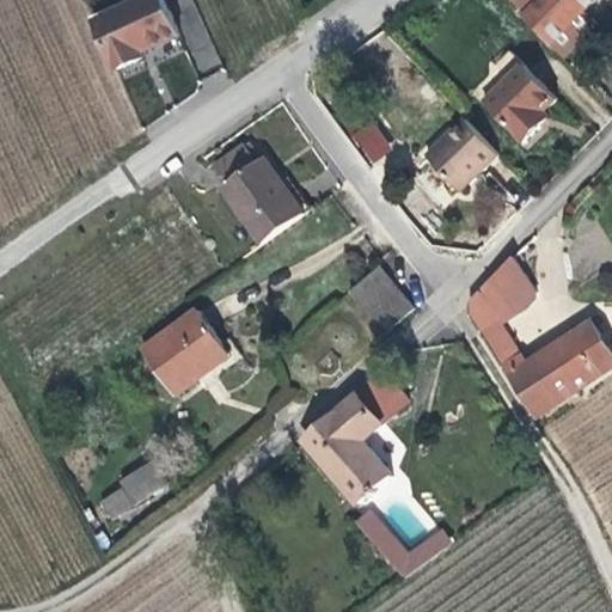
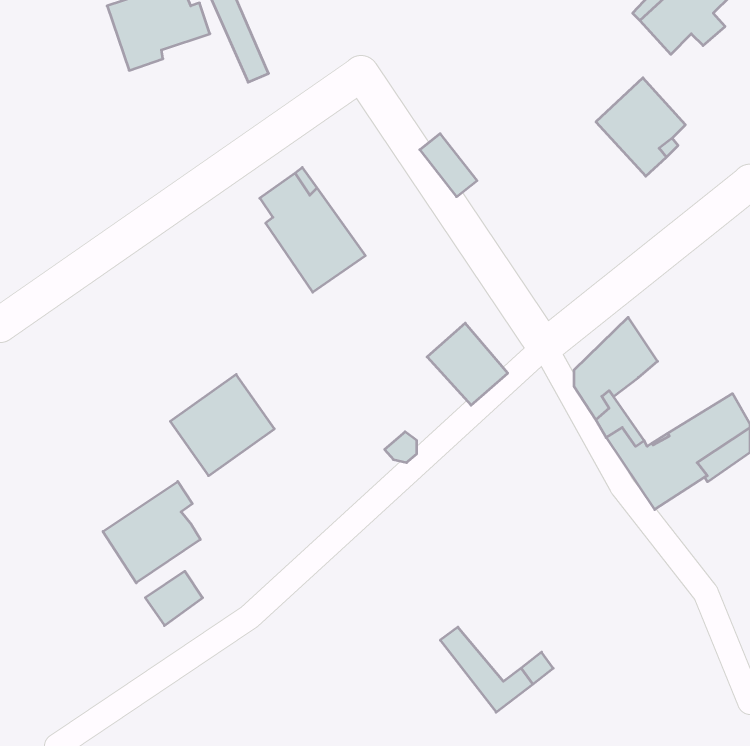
building: [426,120,497,190] -> none
building: [304,373,406,506] -> none
building: none -> [103,481,200,583]

